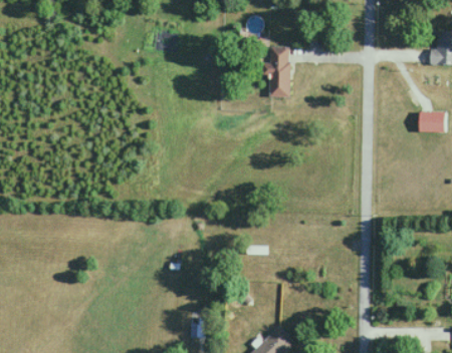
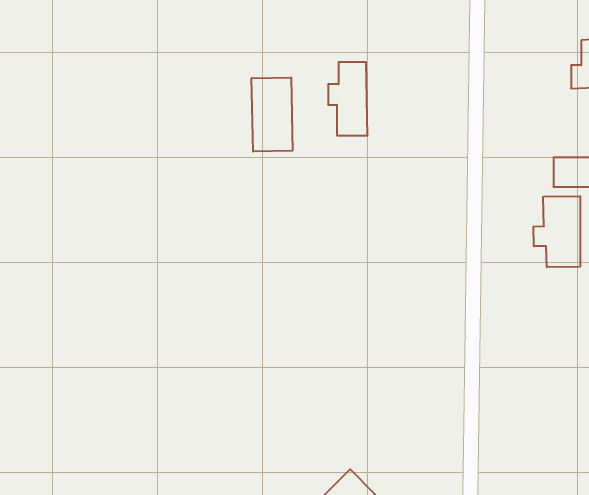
building: none -> [252,77,292,152]
building: none -> [533,196,580,267]

